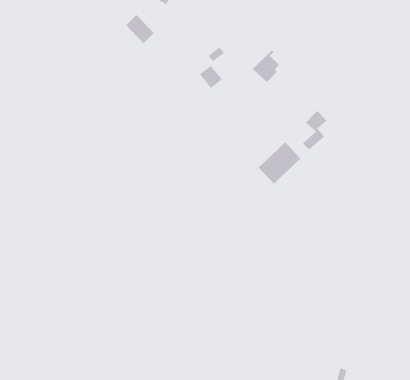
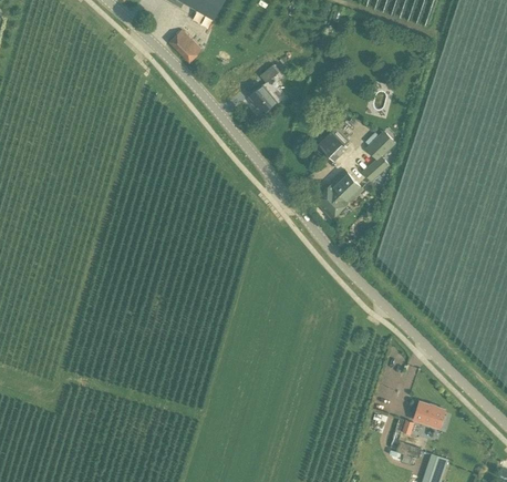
building: [252,50,280,83] -> [318,123,349,160]
building: none -> [413,402,444,428]

